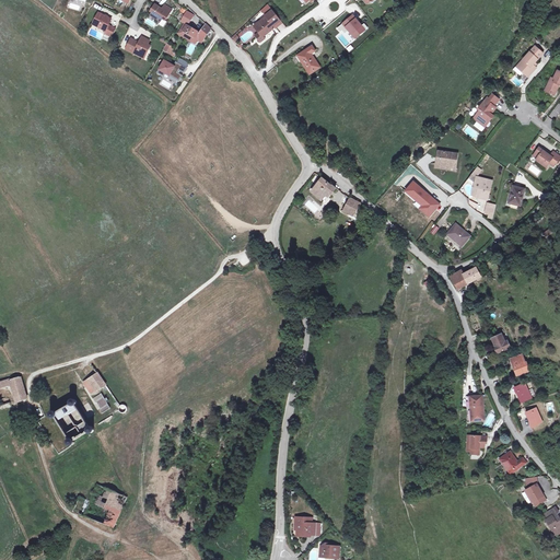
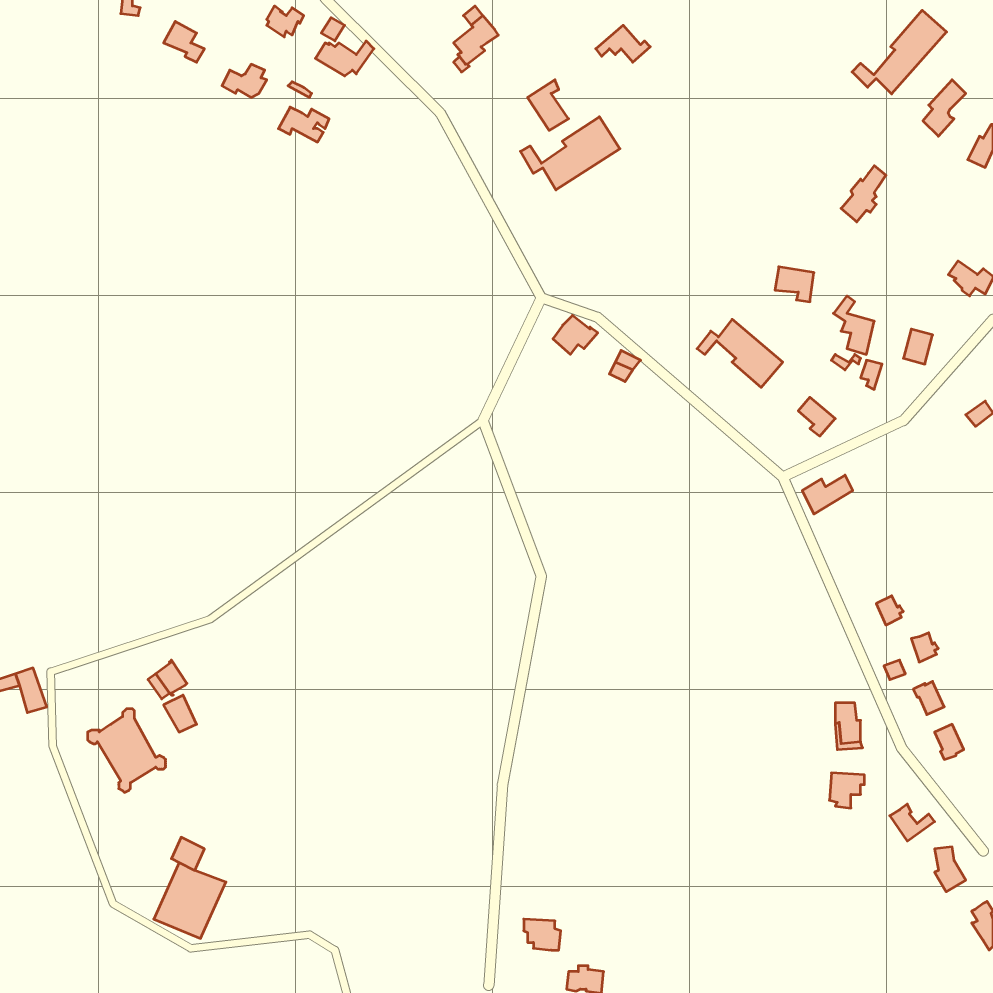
building: none -> [852,10,947,94]
building: none -> [520,117,620,190]

